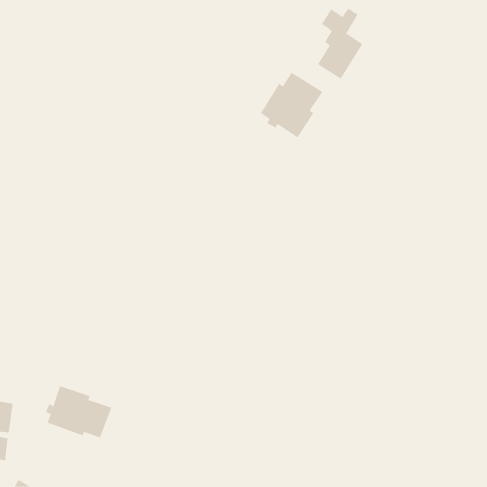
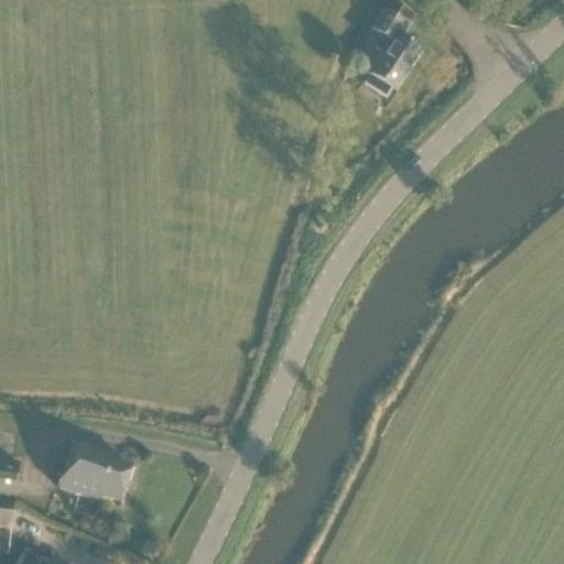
building: [260,72,323,138] -> none

